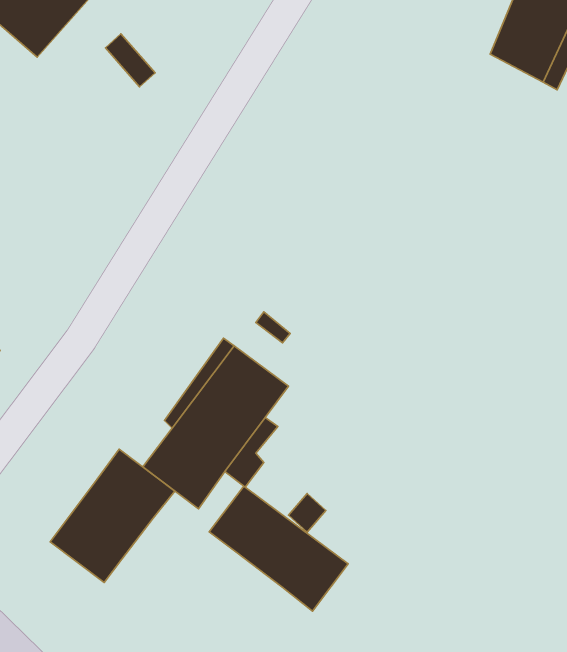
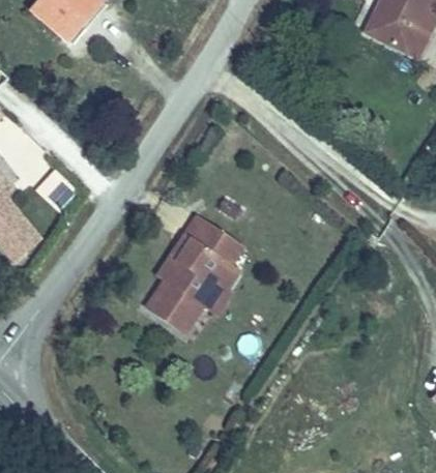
building: [50,449,175,583] -> none
building: [209,486,348,611] -> none

